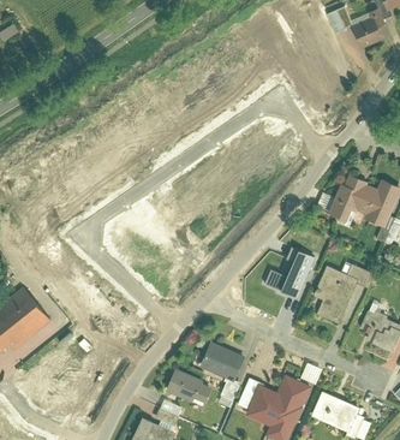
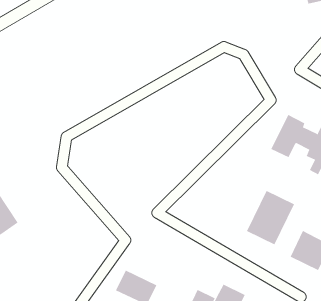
building: [262,249,309,297] -> none
building: [198,339,245,381] -> none

